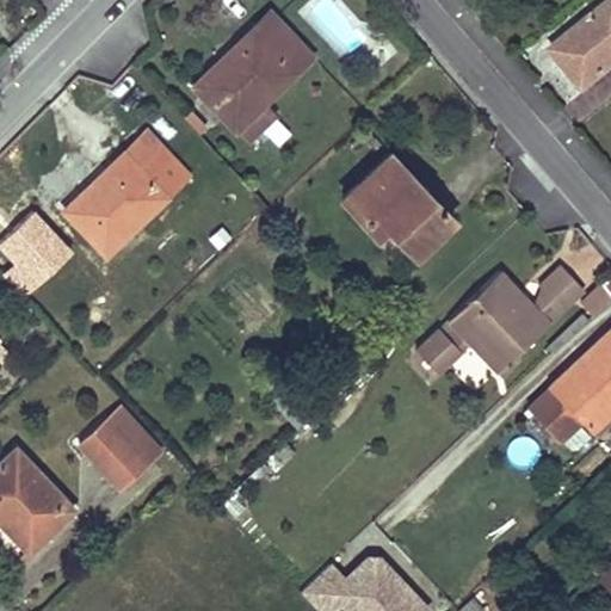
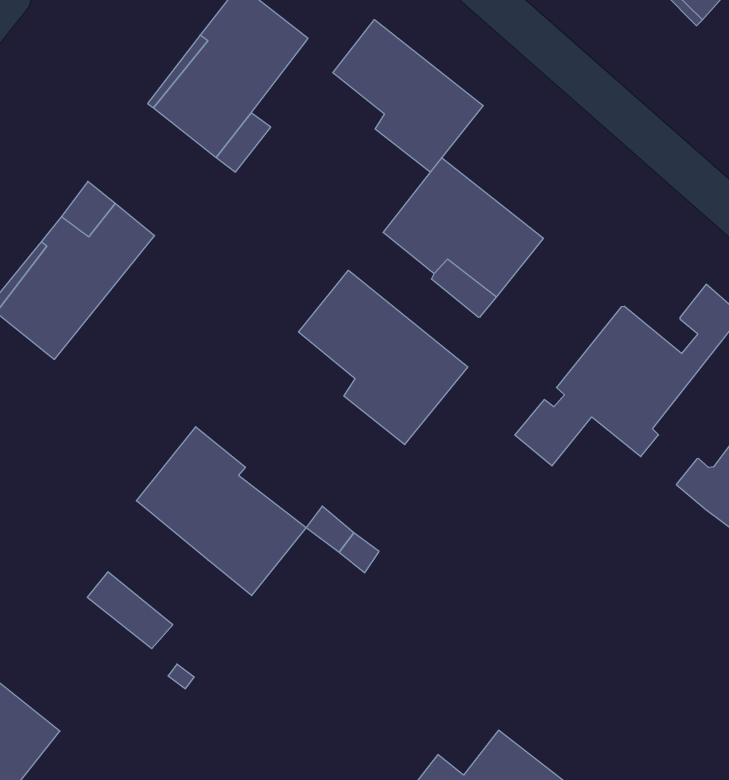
building: none -> [333,20,483,172]
building: none -> [299,270,468,445]
building: none -> [136,427,306,596]
building: [80,420,144,487] -> none

